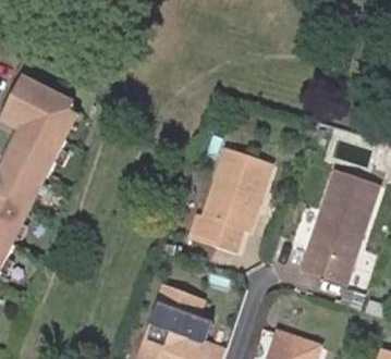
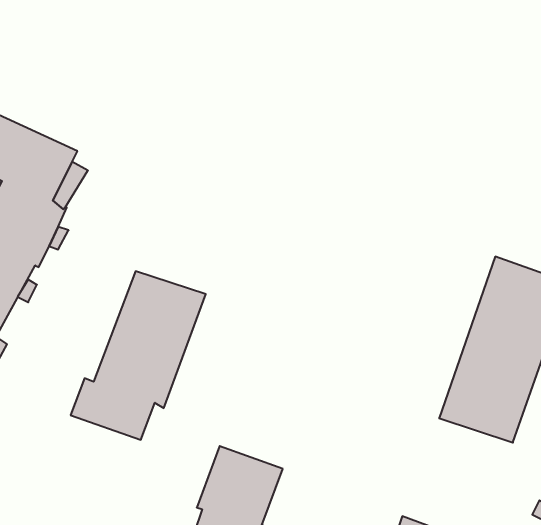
building: [188,148,272,252] -> [71,271,206,440]

